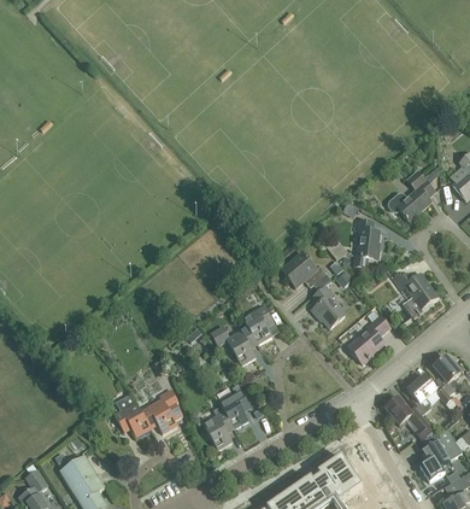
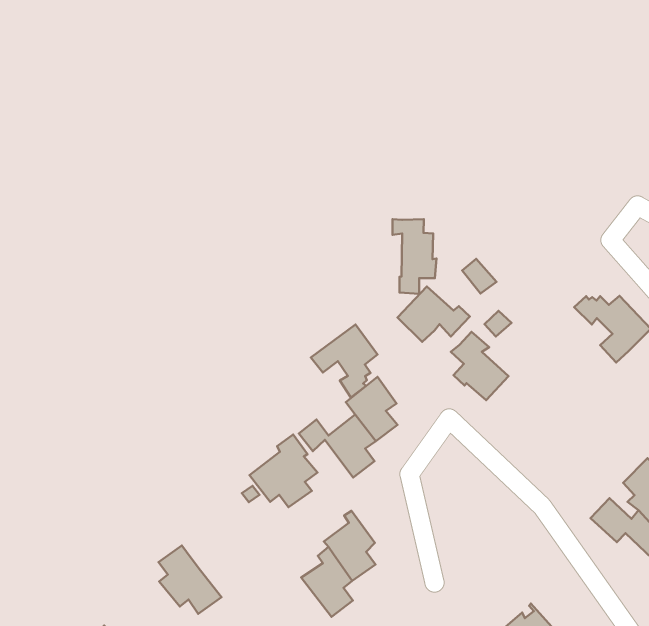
building: [387,170,434,220] -> none
building: [353,218,378,267] -> [392,219,436,294]
building: none -> [311,325,377,398]
building: [347,310,389,363] -> none
building: [140,388,182,433] -> [249,434,317,507]

